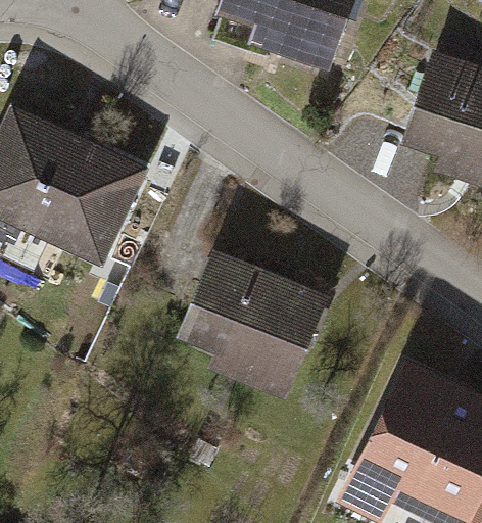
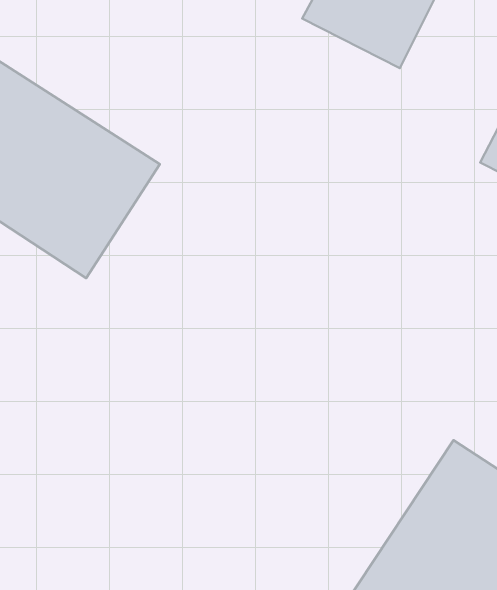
building: [176,248,330,401] -> none

